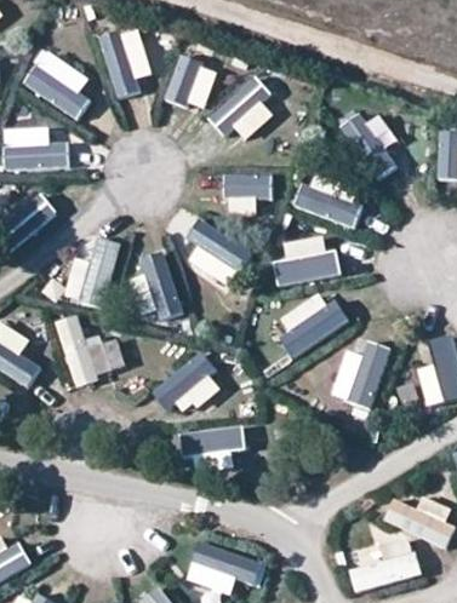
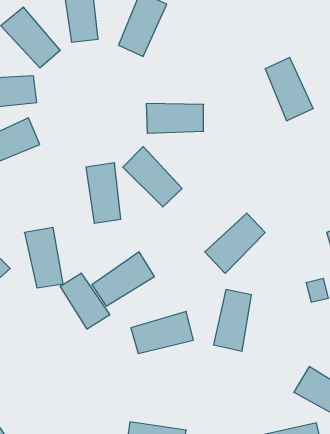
building: [211,79,286,144] -> none
building: [297,174,372,236] -> none
building: [69,225,126,302] -> none
building: [259,241,333,291] -> none
building: [348,331,393,403] -> [214,290,251,351]
building: none -> [60,273,110,329]

